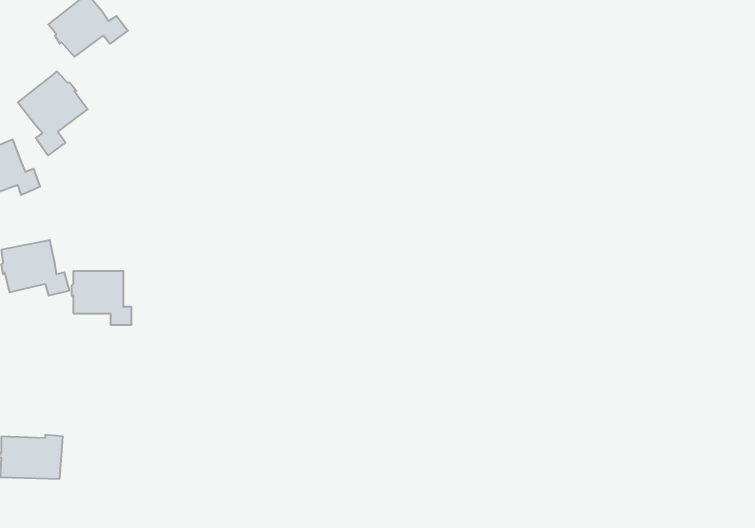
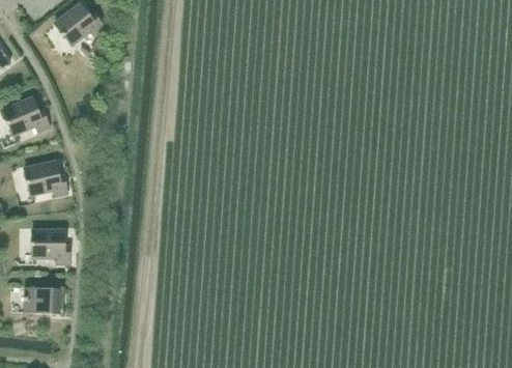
building: [18,71,88,155] -> none
building: [72,271,132,325] -> [32,228,70,262]

